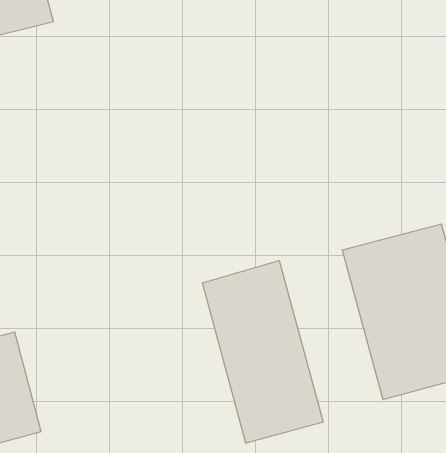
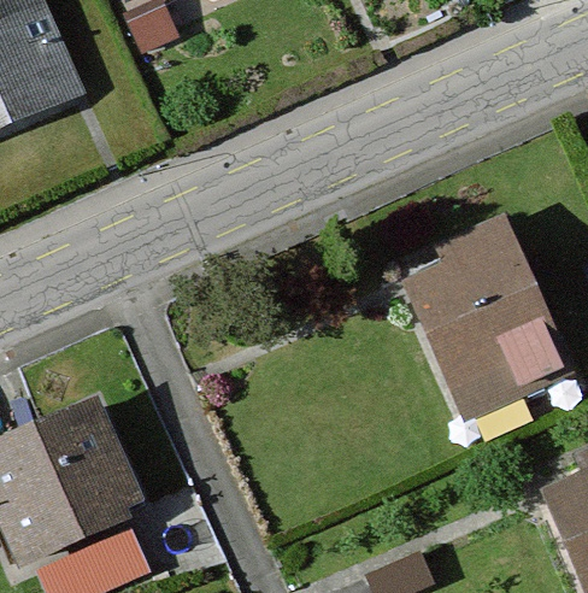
building: [203,261,323,443] -> none

